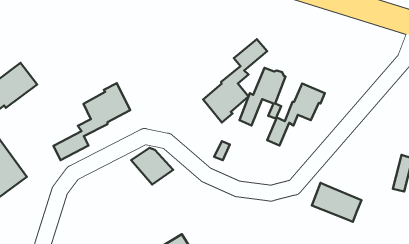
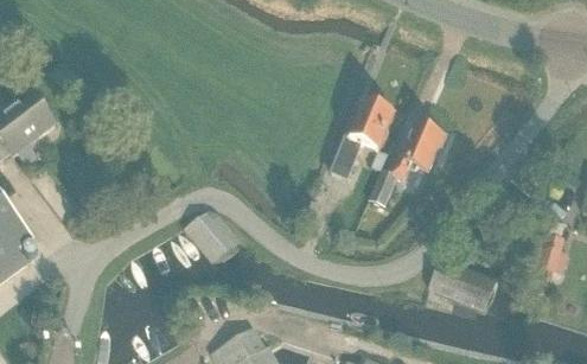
building: [203,39,267,122] -> none
building: [53,83,130,160] -> none

